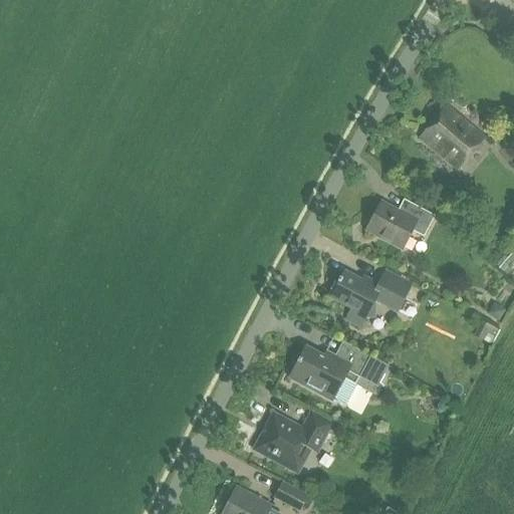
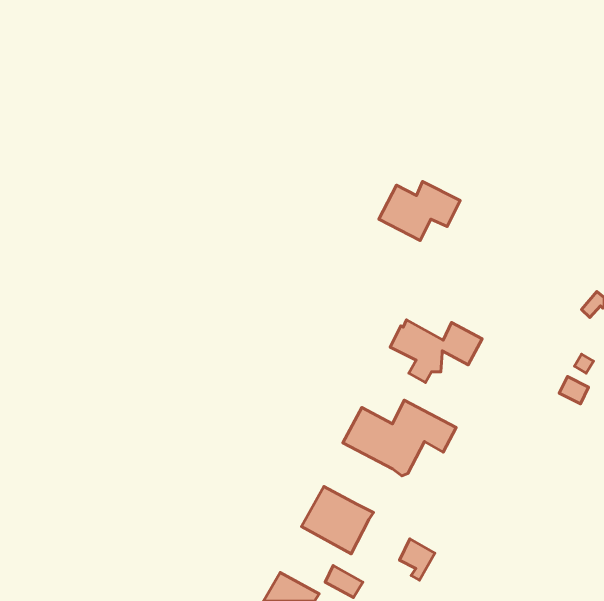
building: [421,104,485,168] -> none
building: [365,197,435,247] -> [379,181,460,241]
building: [303,411,333,446] -> [399,539,435,580]

